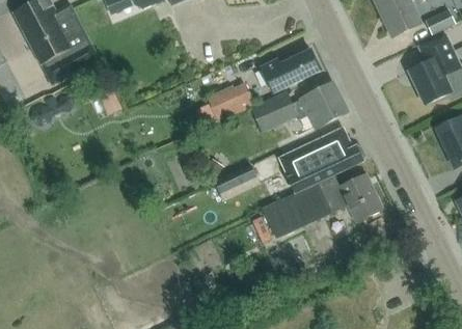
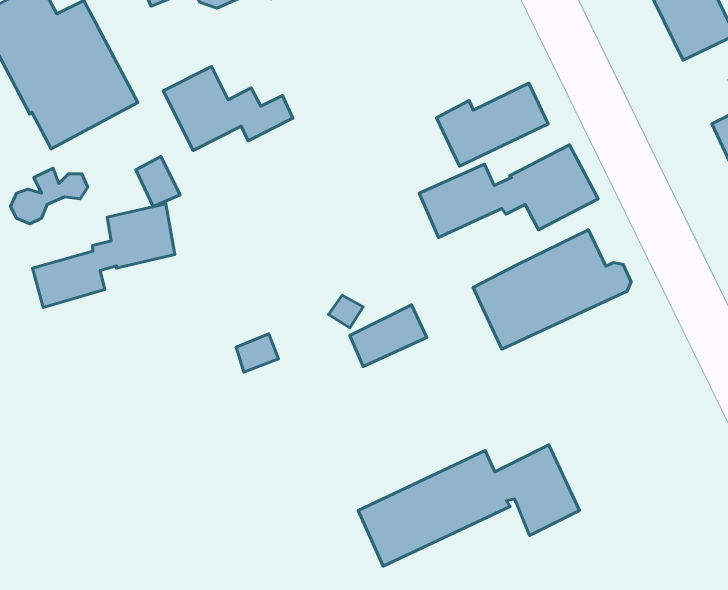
building: none -> [163,67,293,150]
building: [210,83,254,121] -> none
building: none -> [33,204,175,307]
building: [264,173,383,239] -> [358,445,580,566]

